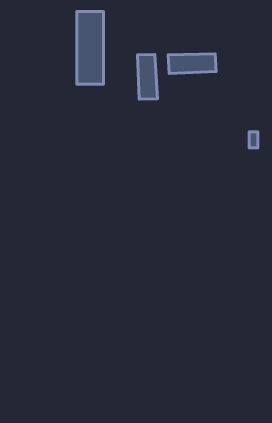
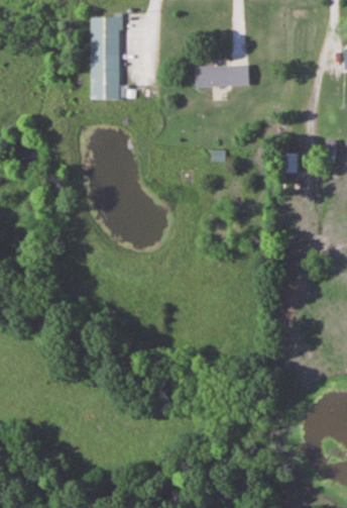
building: [137,55,158,99] -> none

